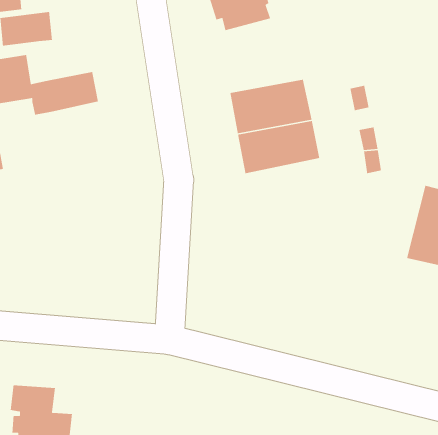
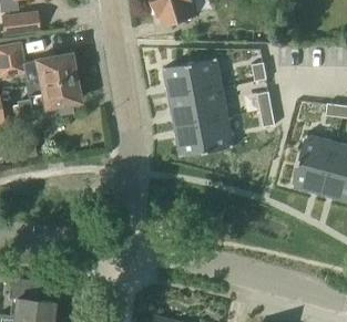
building: none -> [17,75,78,122]
building: none -> [178,116,238,157]

